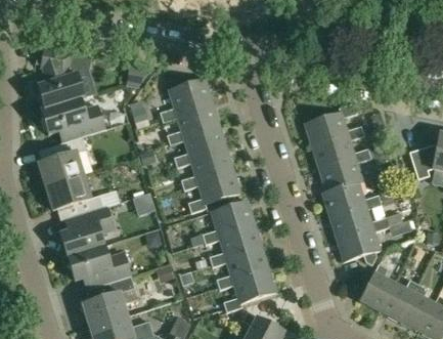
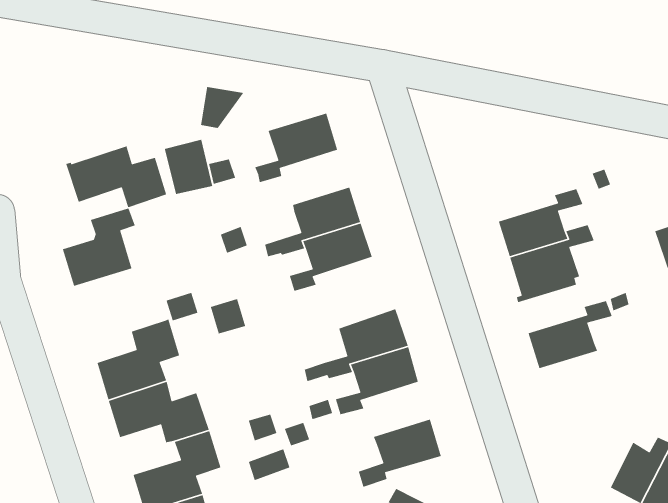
building: [39,50,97,110] -> none
building: [158,101,219,145] -> none
building: [304,102,357,145] -> none
building: [188,168,240,212] -> none
building: [47,175,104,215] -> none
building: [323,185,366,215] -> none
building: [337,217,389,265] -> none
building: [217,246,269,289] -> none
building: [360,263,395,311] -> none

